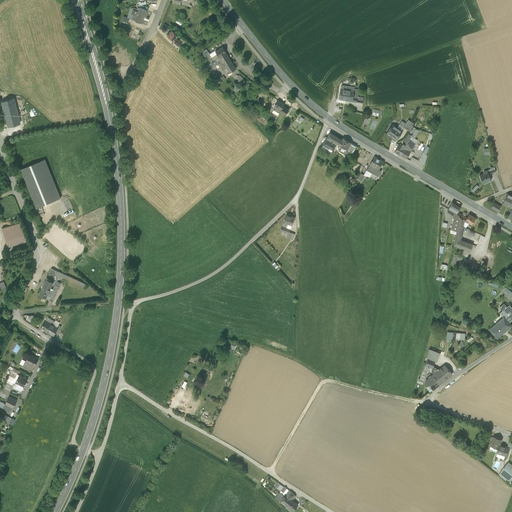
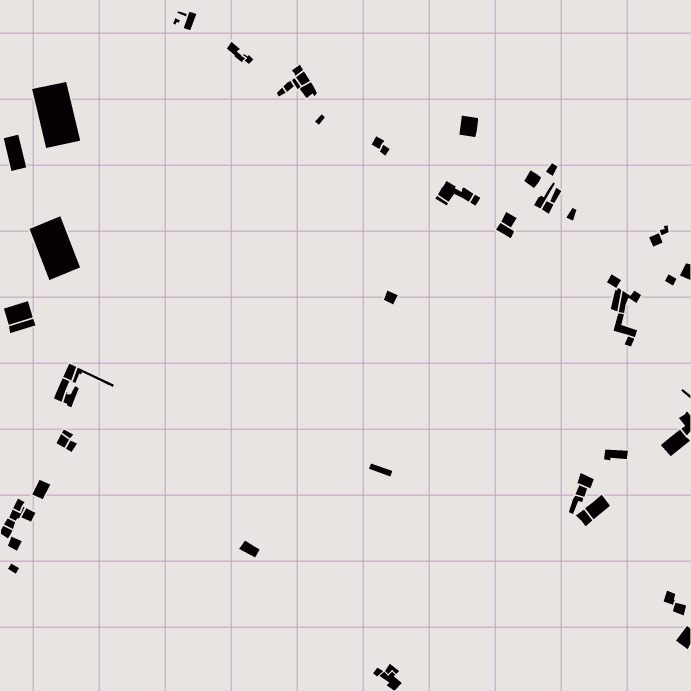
building: none -> [31,81,81,149]

